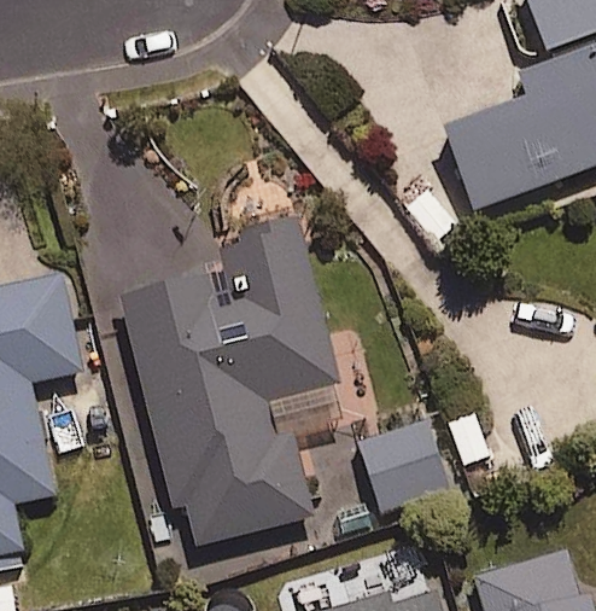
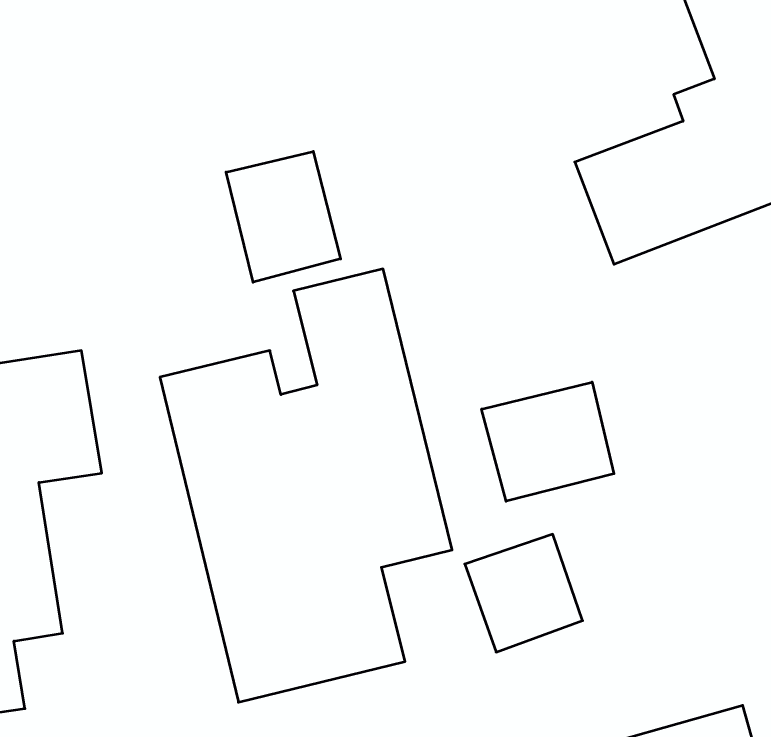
building: none -> [226,151,341,282]
building: none -> [482,382,614,501]

